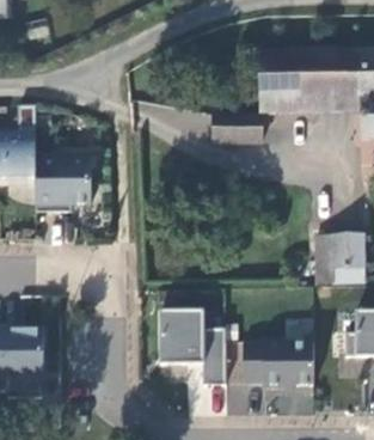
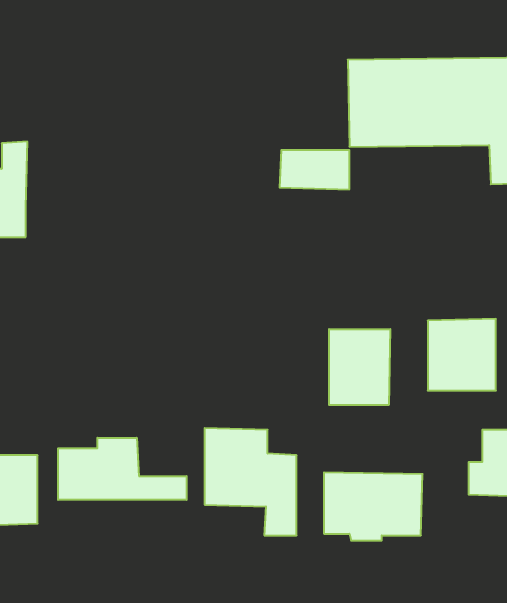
building: [35,153,91,210] -> none
building: none -> [329,329,390,405]
building: none -> [58,438,187,500]

